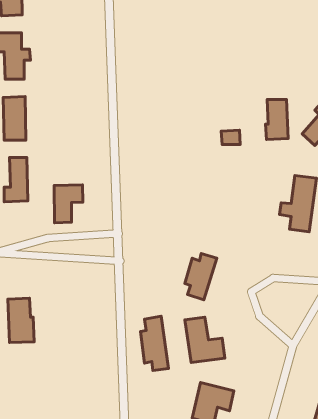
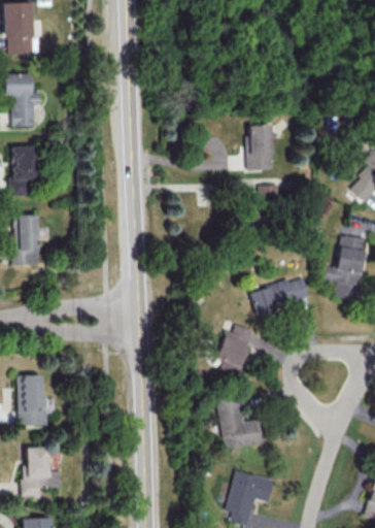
building: [266,100,288,139] -> [247,126,273,171]
building: [54,185,83,223] -> none
building: none -> [250,277,309,314]
building: [140,316,168,370] -> none
building: none -> [21,448,61,497]

